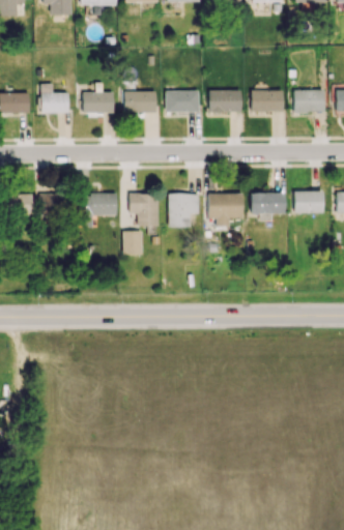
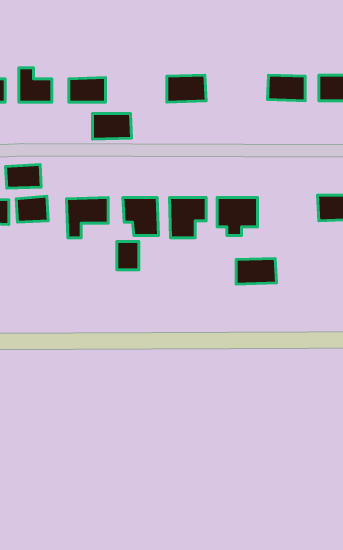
building: [208,90,241,113] -> none
building: [123,91,156,113] -> [92,114,132,139]
building: none -> [6,165,41,188]
building: [251,193,285,214] -> [236,258,277,284]

